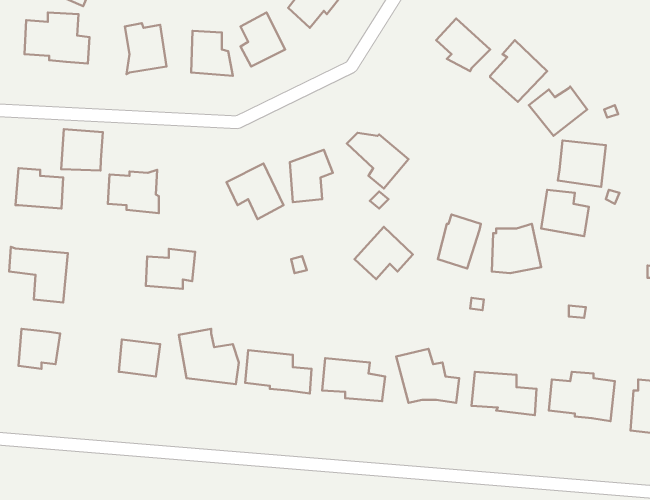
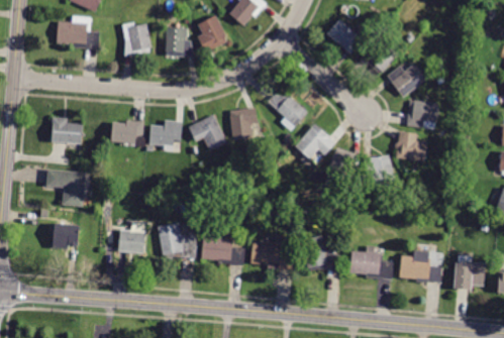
building: [61,129,103,171] -> none
building: [354,227,413,279] -> [295,124,333,158]
building: [146,249,195,289] -> [149,119,182,145]

